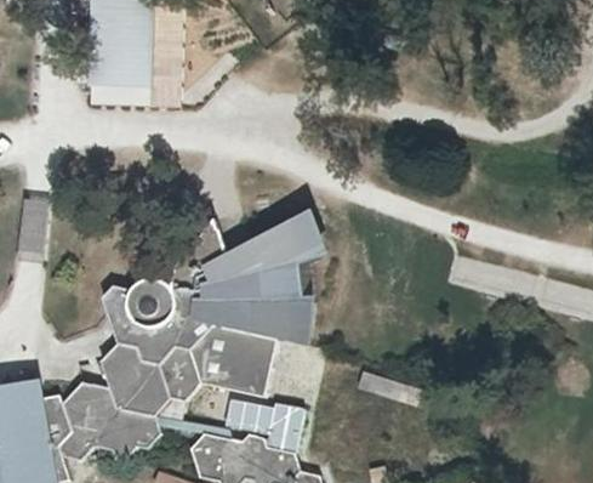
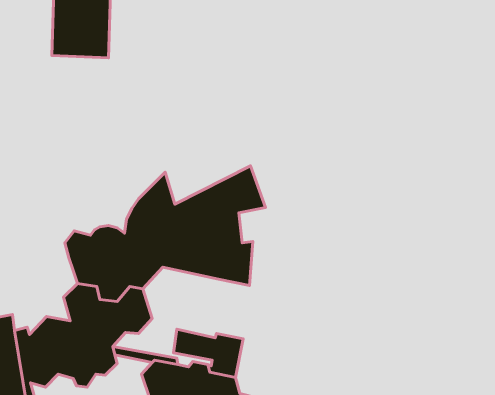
building: [189,326,275,398] -> none

